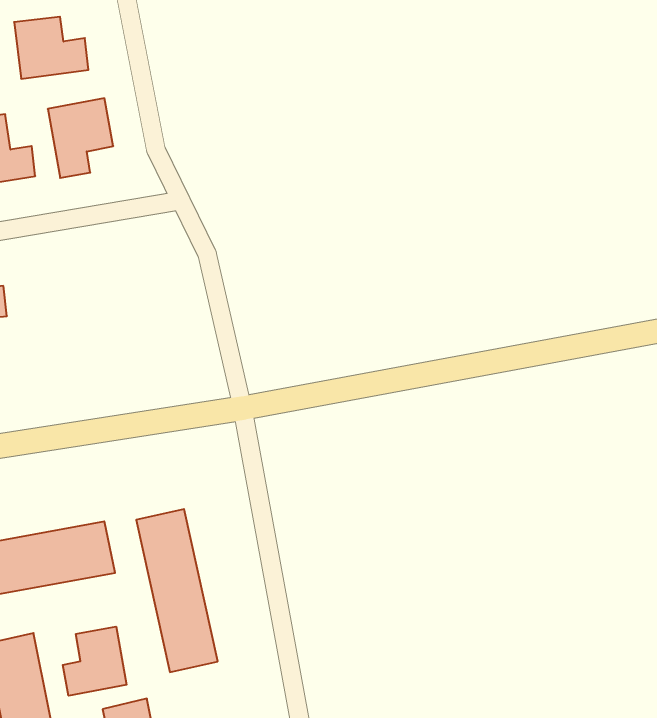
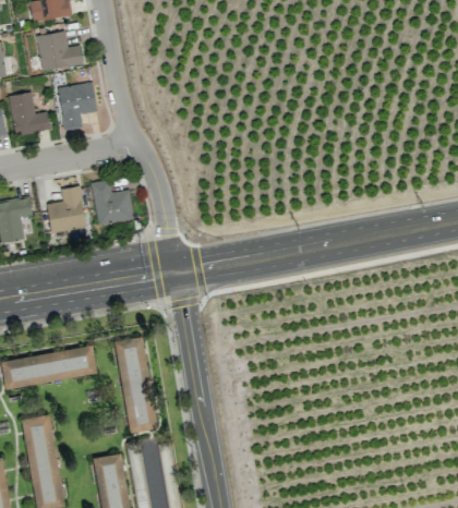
building: none -> [92,180,132,223]
building: none -> [47,186,85,232]
building: [63,627,127,696] -> none

